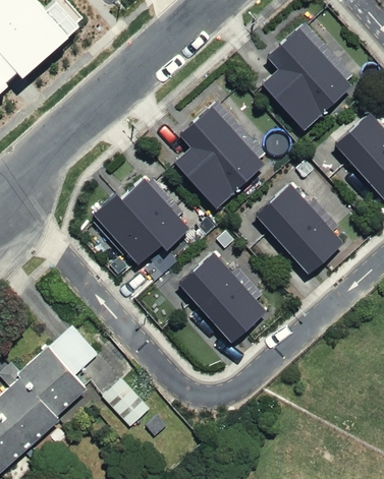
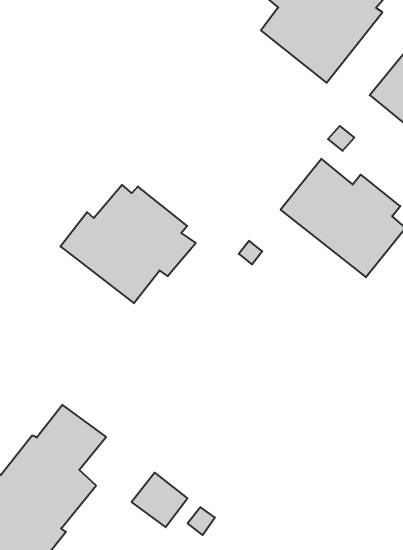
building: [174,104,267,209] -> none
building: [178,252,267,344] -> none

